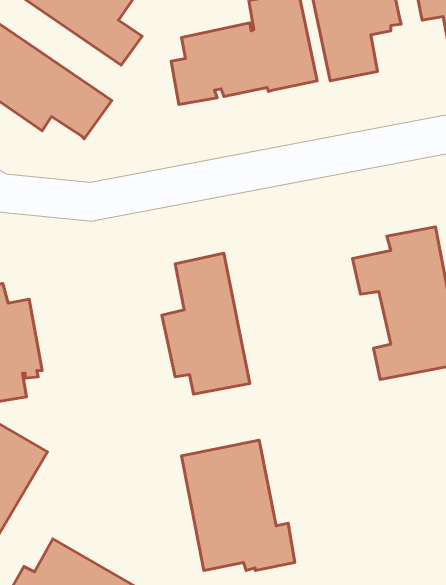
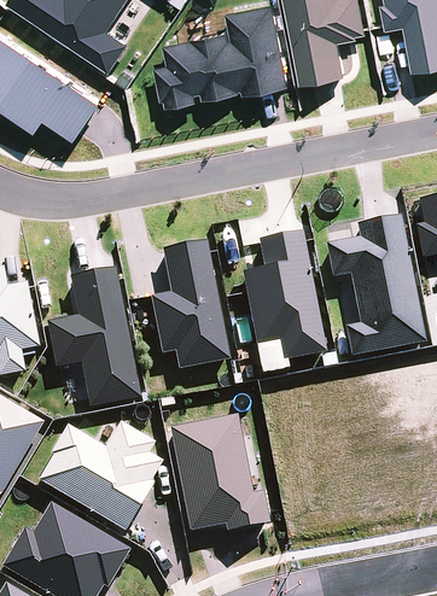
building: none -> [241,232,327,374]
building: none -> [47,268,141,407]
building: none -> [37,421,163,532]

